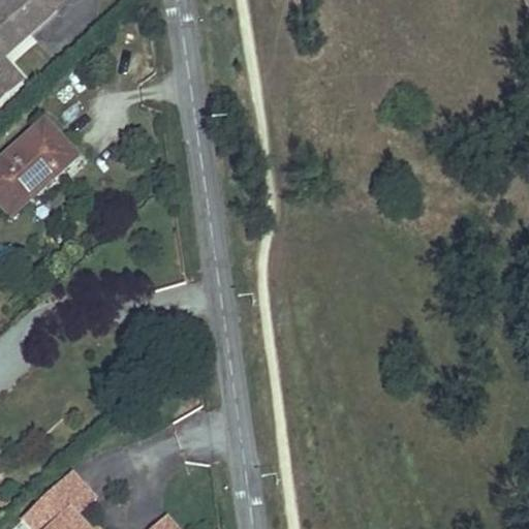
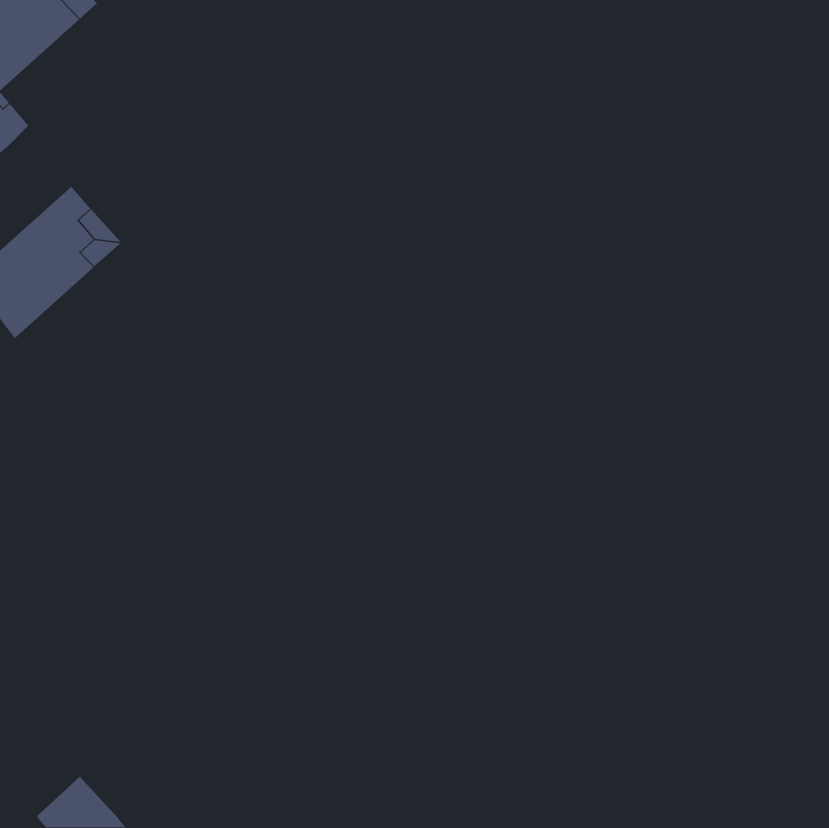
building: [51,473,95,519] -> none

